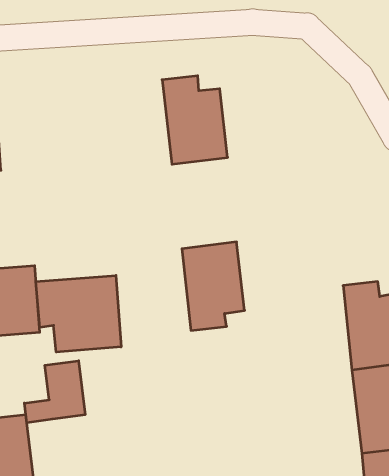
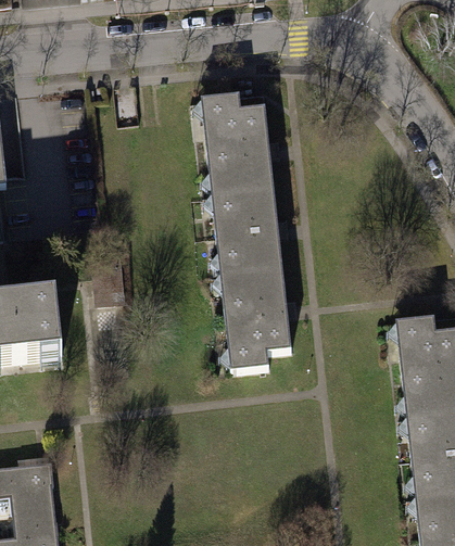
building: none -> [210,178,280,278]
building: [36,275,121,352] -> none
building: [24,361,85,423] -> none

